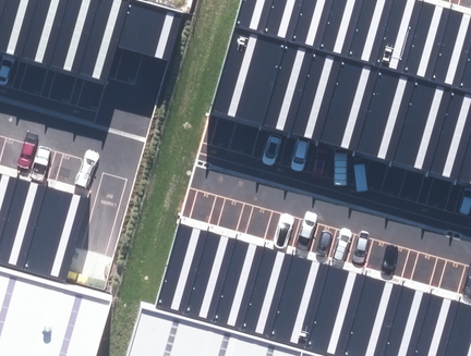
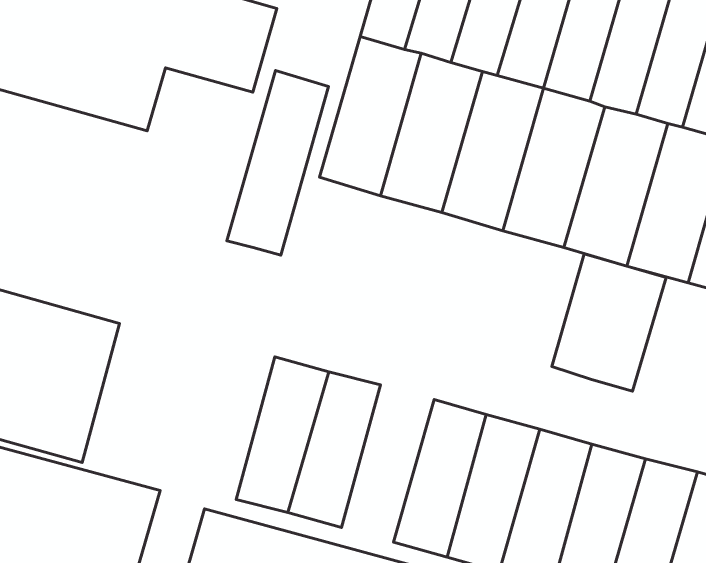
building: none -> [227,70,329,255]
building: none -> [552,254,666,391]
building: [218,235,273,328] -> none

